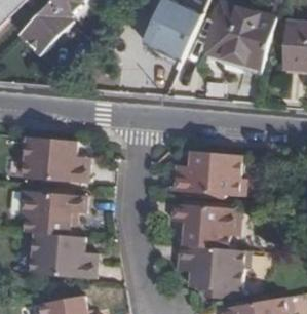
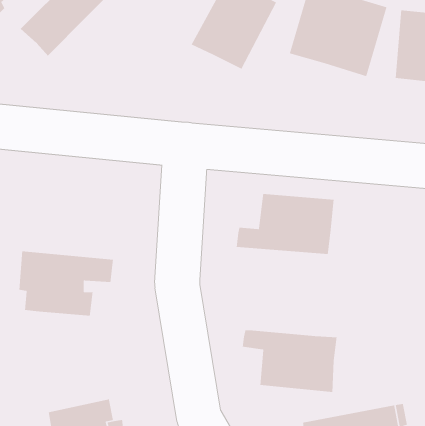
building: [22,135,88,182] -> none
building: [169,203,236,249] -> none
building: [31,233,98,279] -> none

